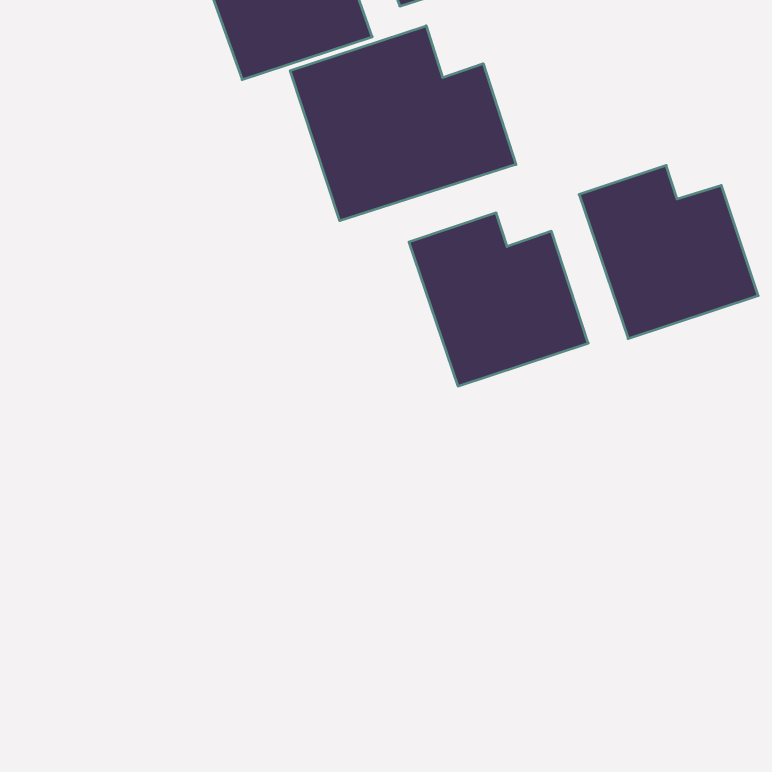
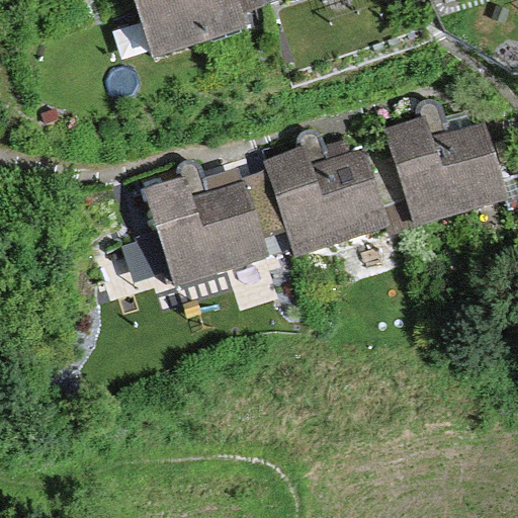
building: [290,26,516,221] -> none
building: none -> [146,174,263,287]

